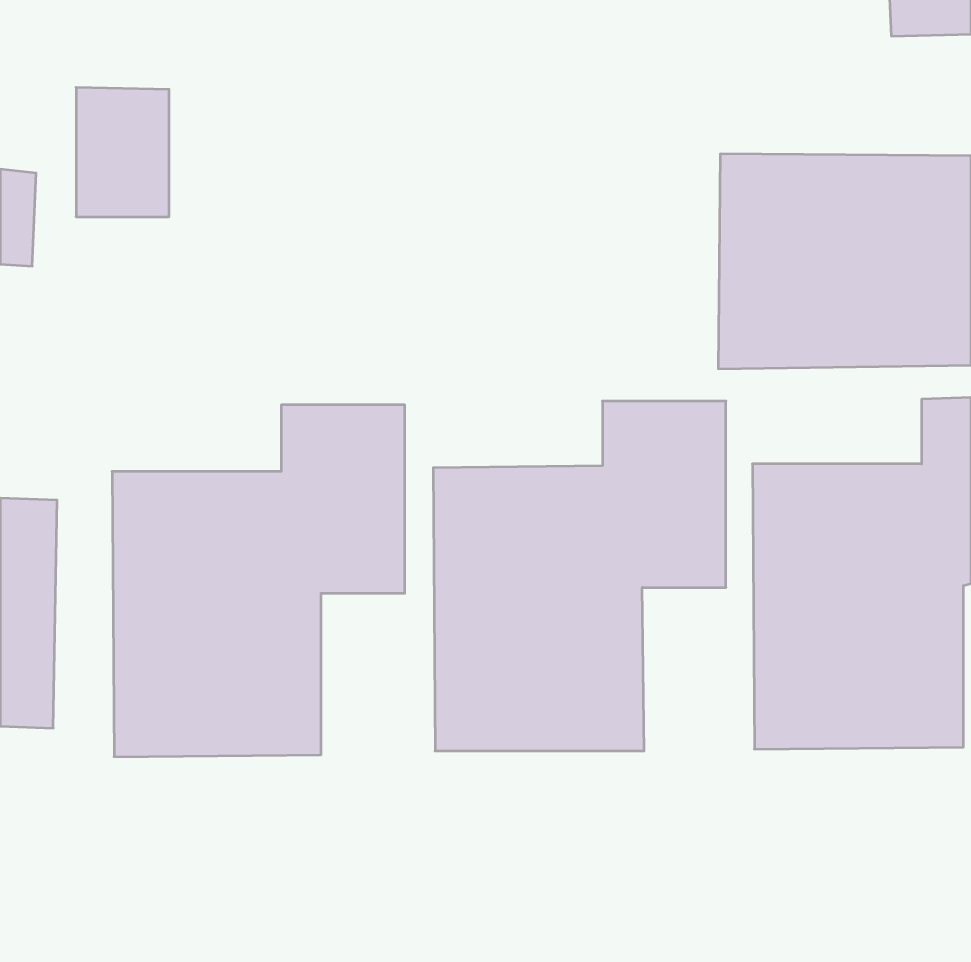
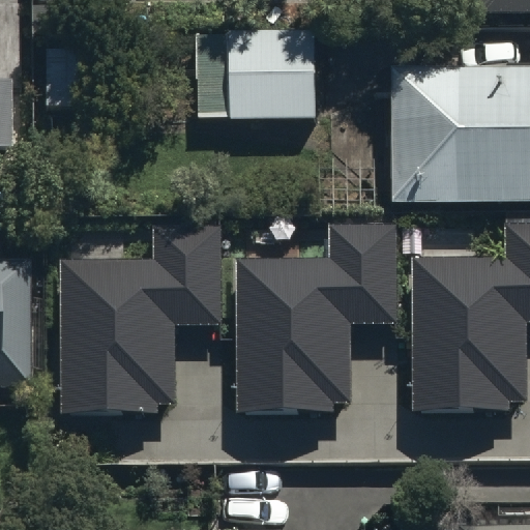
building: none -> [200,45,319,132]

